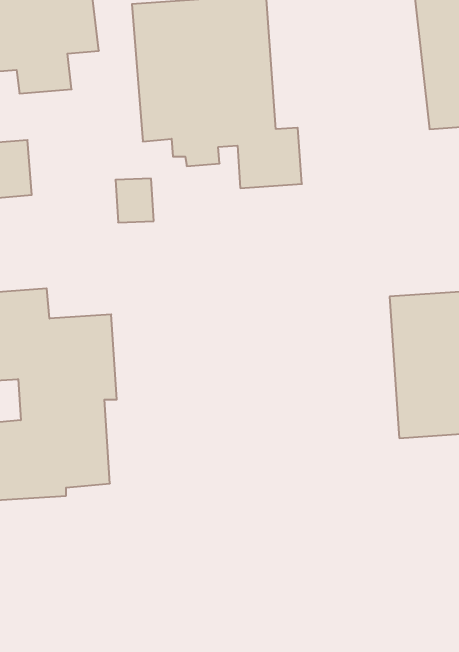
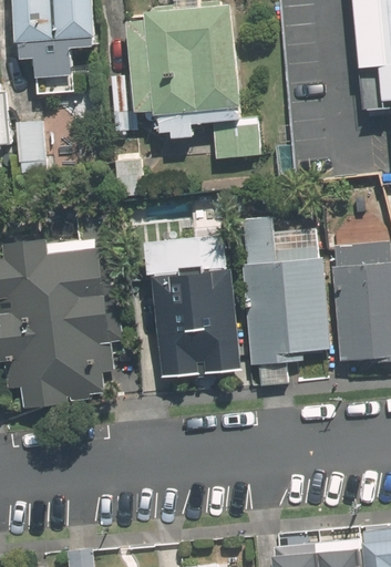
building: none -> [237,218,333,365]
building: none -> [143,227,243,377]

